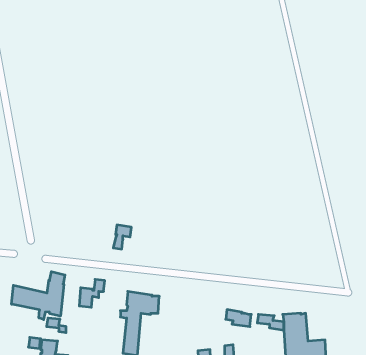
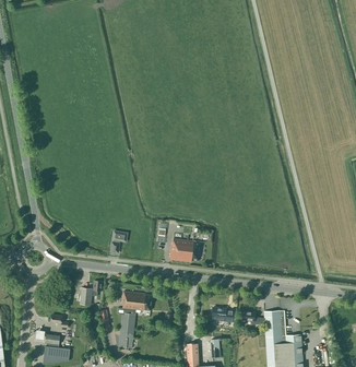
building: none -> [168,238,200,262]
building: [12,272,65,320] -> none

